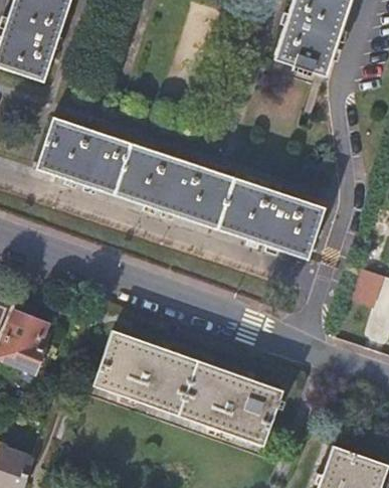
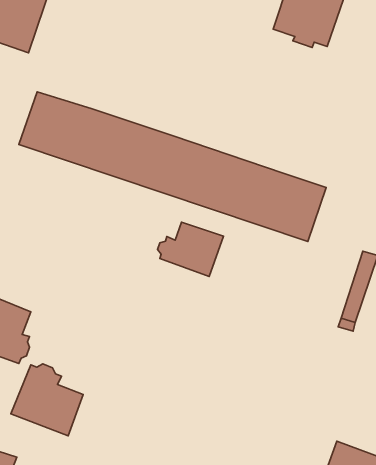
building: none -> [157,222,223,277]
building: [92,330,283,445] -> none
building: none -> [11,364,83,436]

